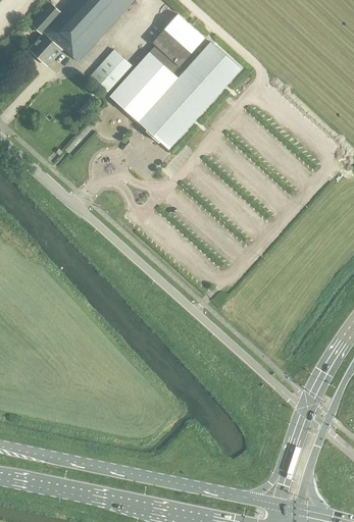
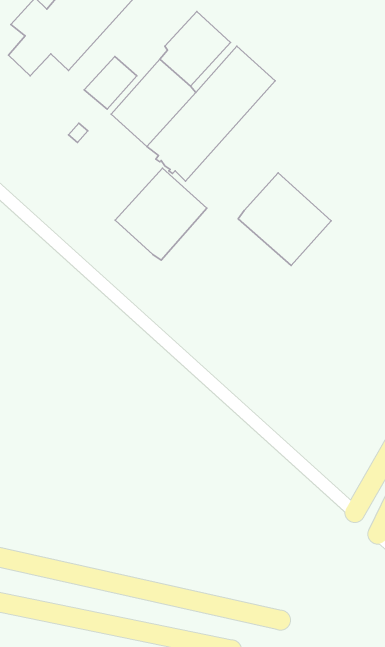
building: none -> [115,168,207,260]
building: none -> [238,173,331,265]

